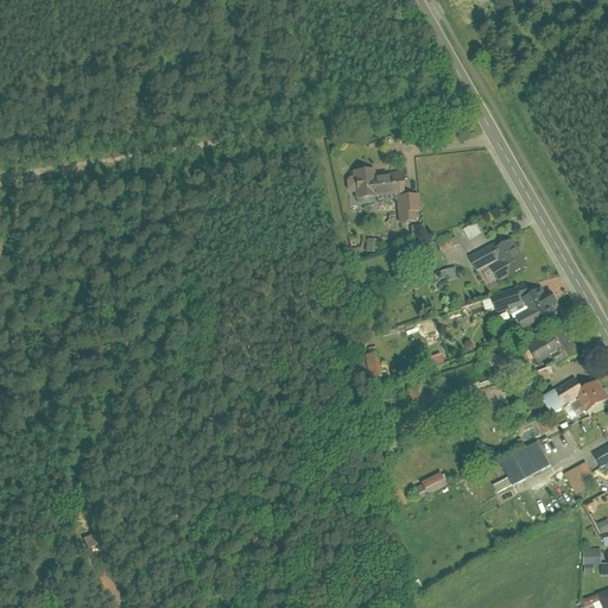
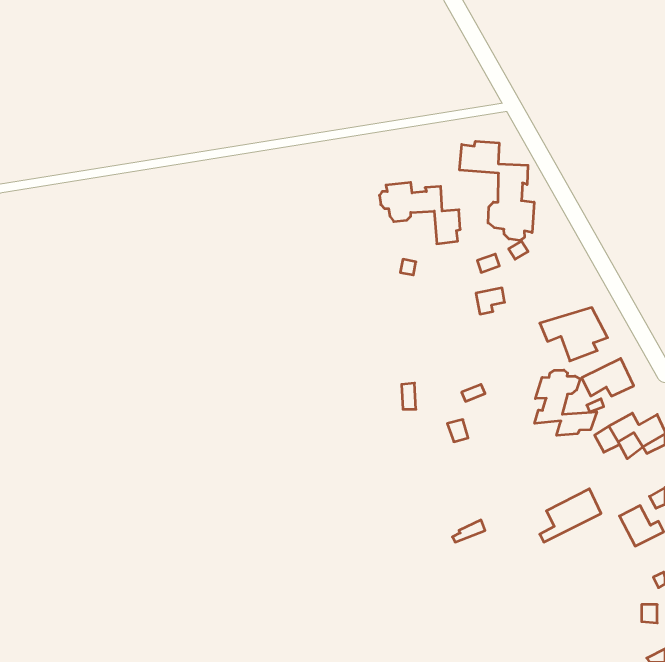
building: none -> [460,141,534,241]
building: [470,233,528,280] -> none
building: none -> [535,370,597,435]

